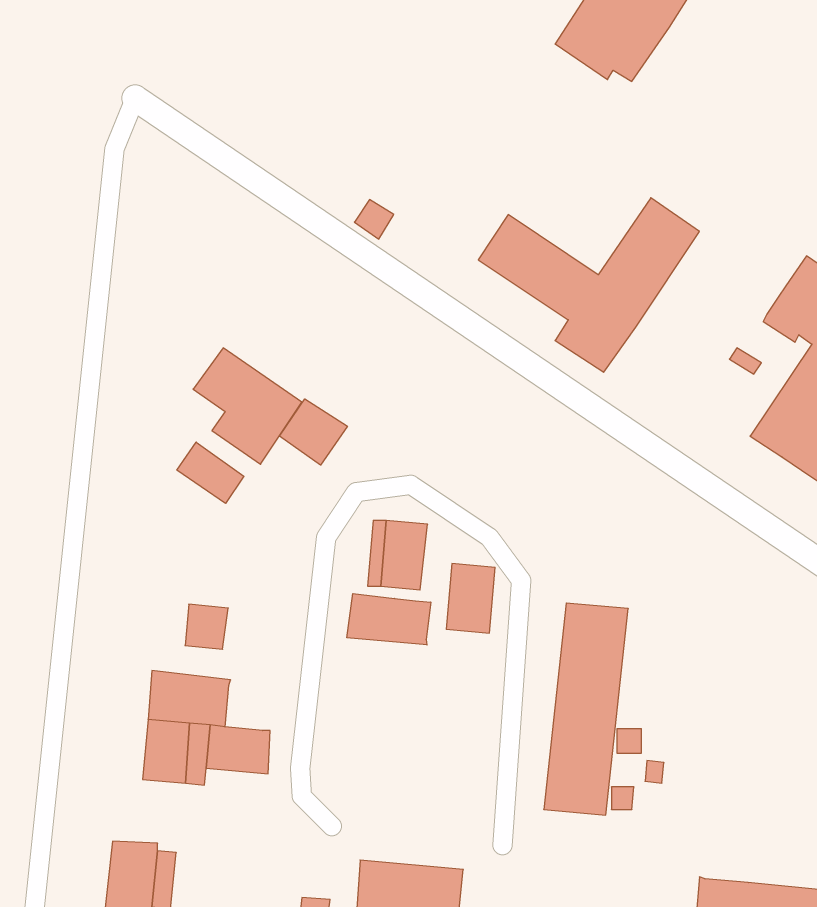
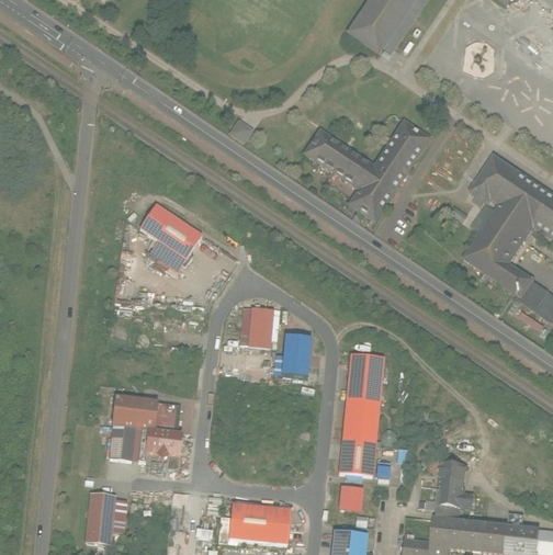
building: [279,399,347,465] -> none
building: [177,442,244,503] -> none
building: [347,594,431,645] -> none
building: [185,604,228,649] -> [155,403,180,429]
building: none -> [436,462,474,518]
building: none -> [338,485,361,509]

